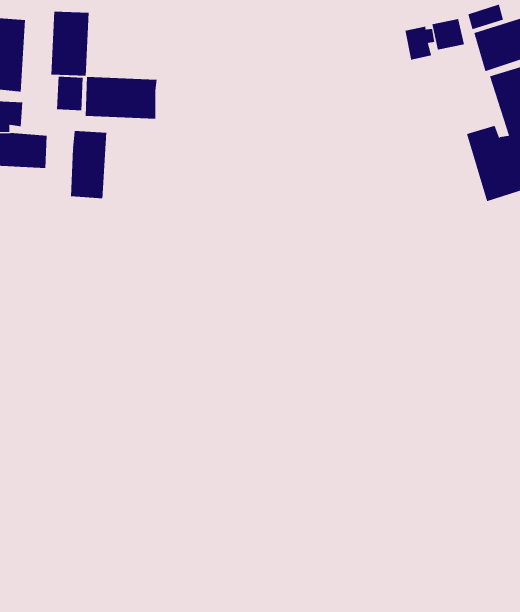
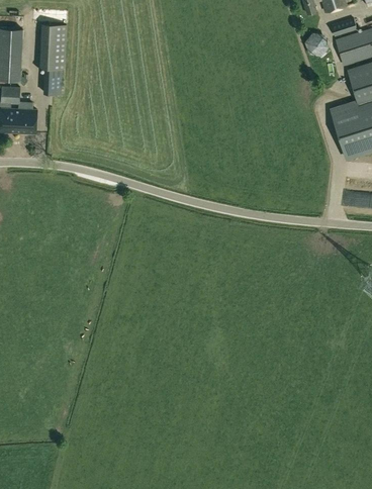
building: [405,26,435,60] -> none
building: [85,76,157,120] -> none
building: [71,130,107,199] -> none

